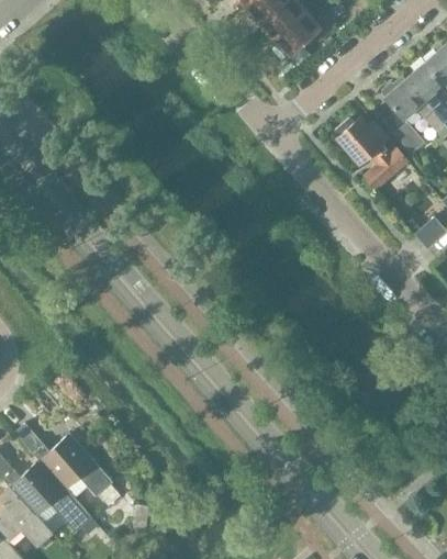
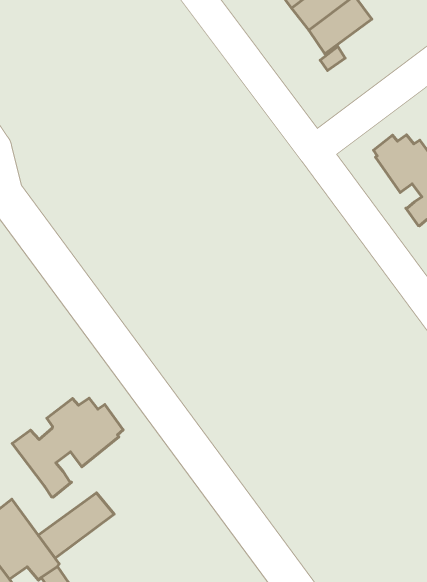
building: none -> [12,398,123,497]
building: none -> [38,493,114,558]

